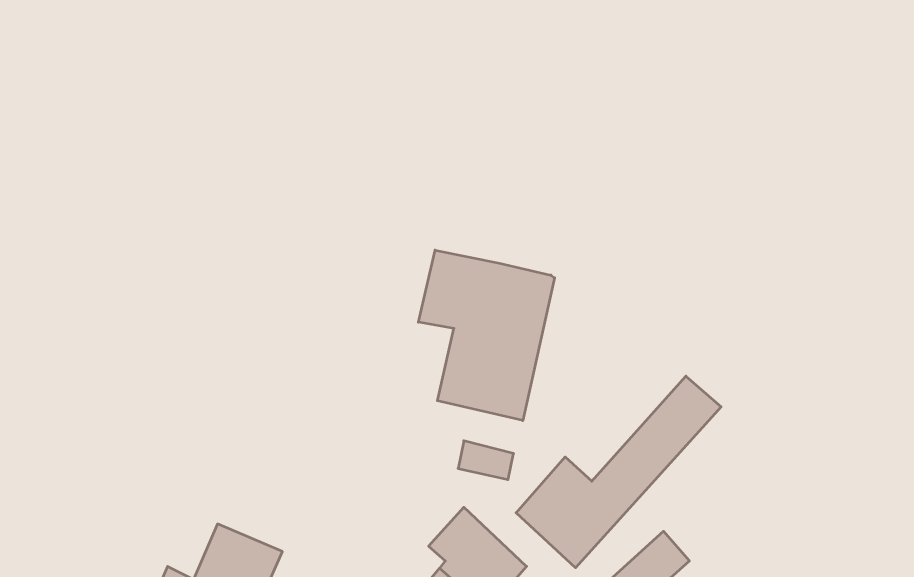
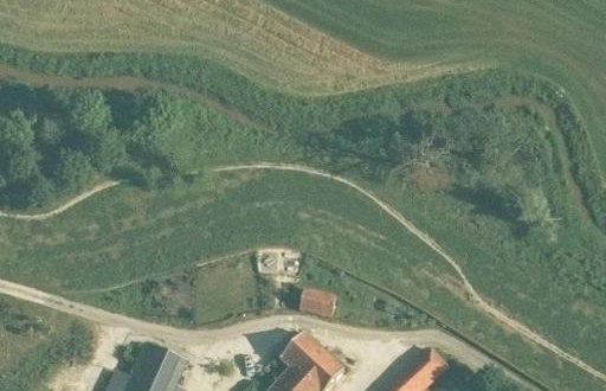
building: [418,250,555,421] -> none
building: [516,376,721,568] -> none

